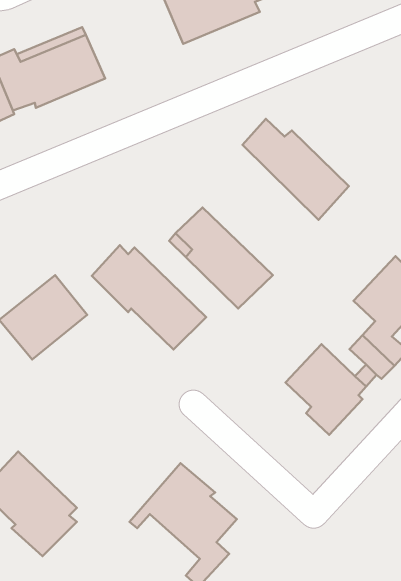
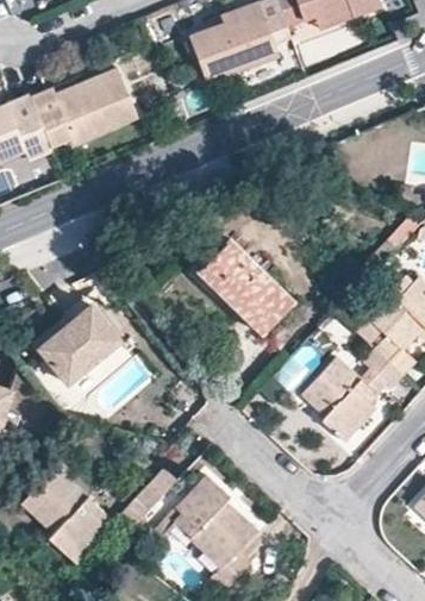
building: [242,119,349,220] -> none
building: [92,245,206,350] -> none
building: none -> [118,471,171,536]

